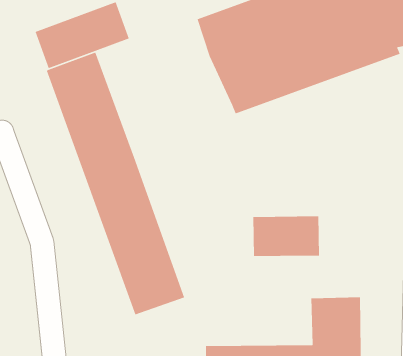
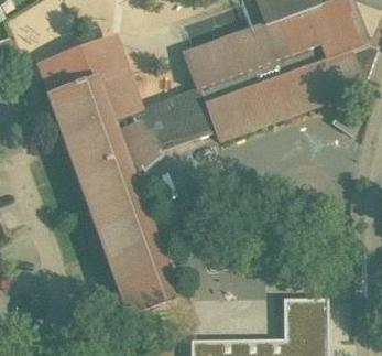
building: none -> [95,71,214,174]
building: [253,216,320,257] -> none

